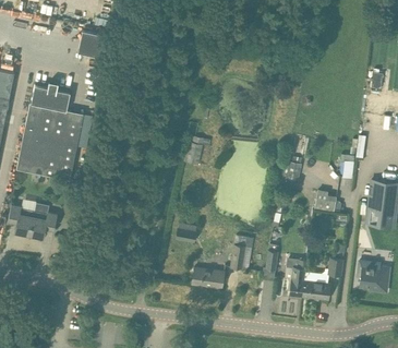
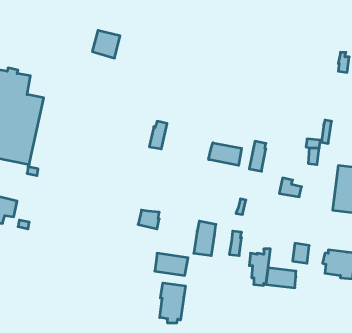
building: [82,29,109,57] -> [92,30,120,58]
building: none -> [209,143,242,165]
building: none -> [160,283,185,323]

